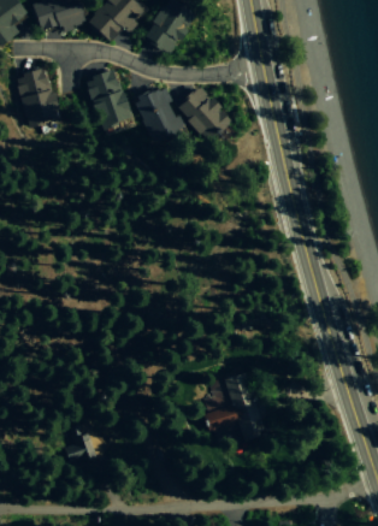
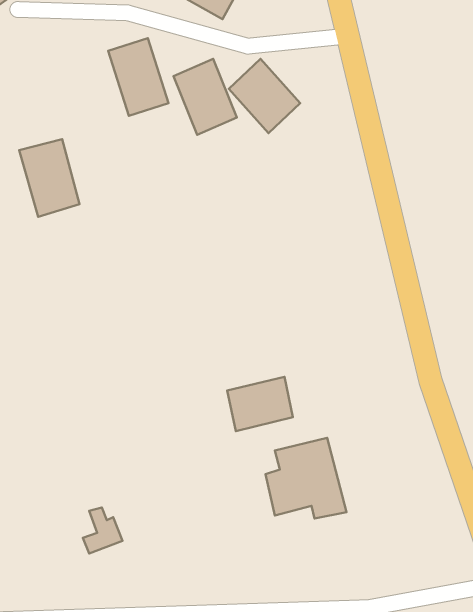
building: [16,69,61,128] -> [19,139,79,217]
building: none -> [227,377,293,431]

